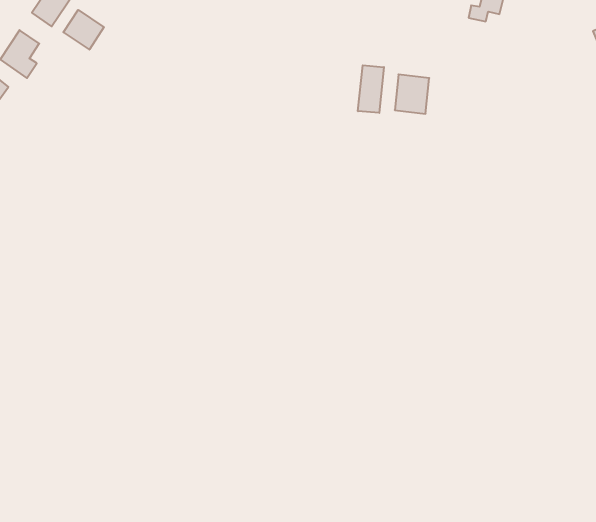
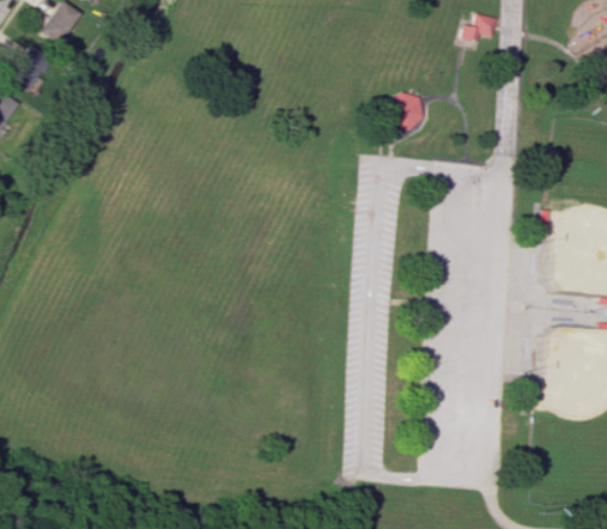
building: [63,10,104,50] -> none
building: [358,65,384,113] -> none

